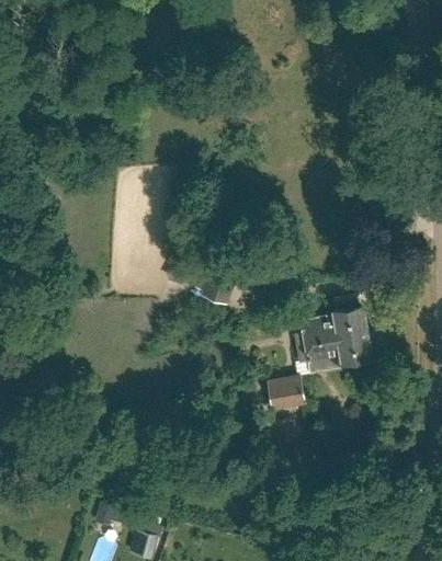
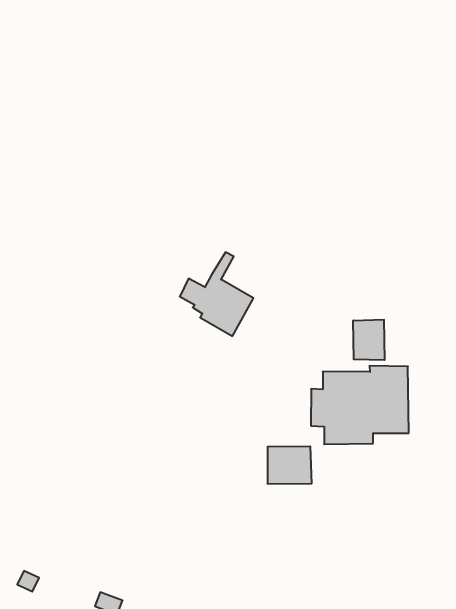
building: none -> [353,320,385,360]

